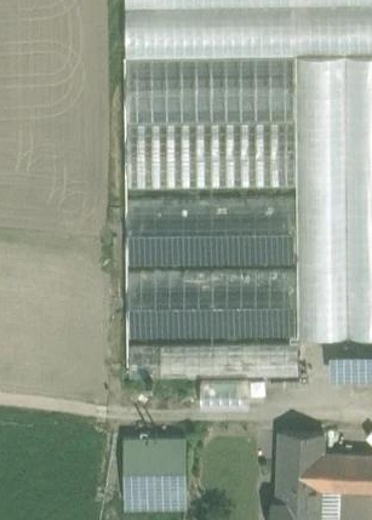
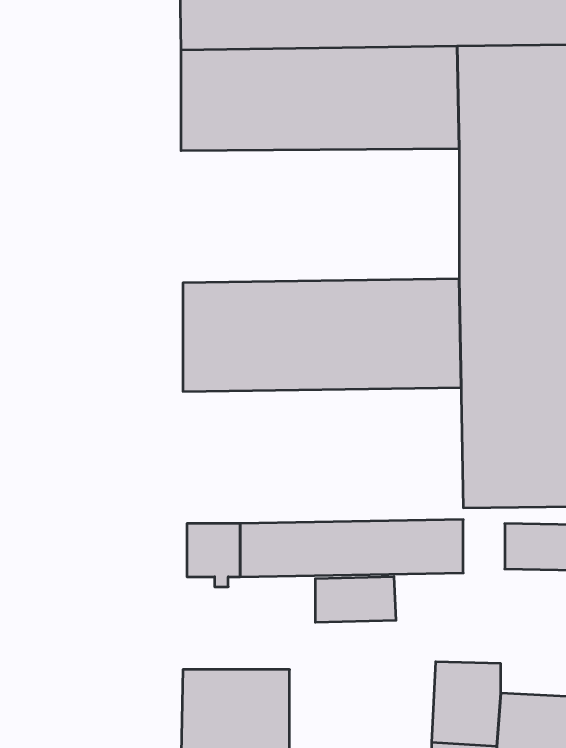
building: [126,121,297,190] -> none
building: [128,269,299,341] -> none

